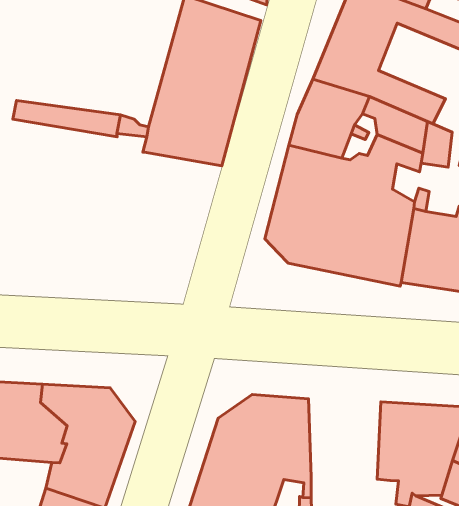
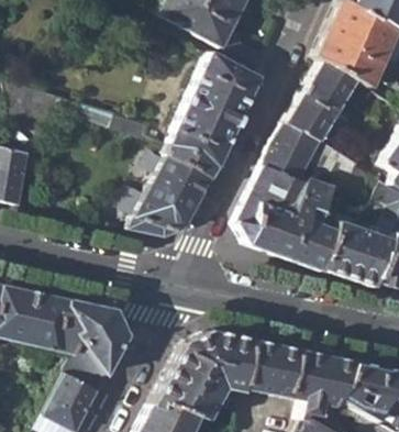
building: none -> [130,154,217,237]
building: none -> [243,337,298,399]

